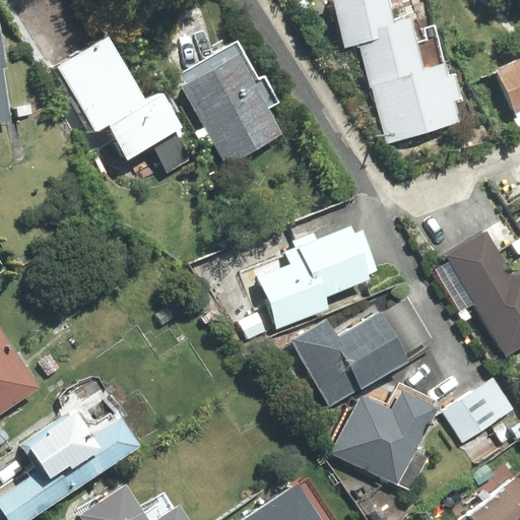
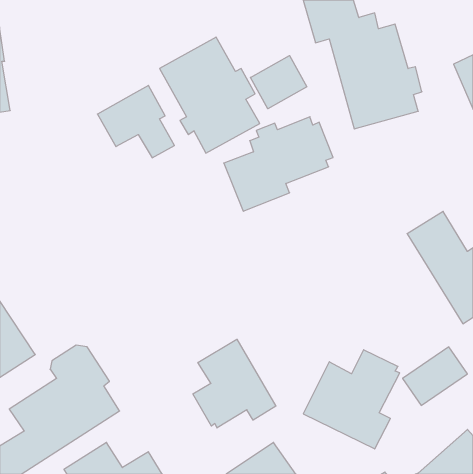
building: [58,39,146,132] -> none
building: none -> [250,56,307,109]
building: [256,225,376,329] -> [224,117,333,211]
building: [287,301,425,408] -> none
building: none -> [193,339,276,428]

